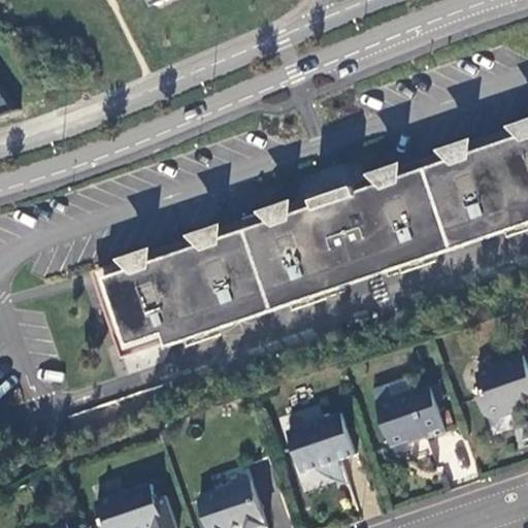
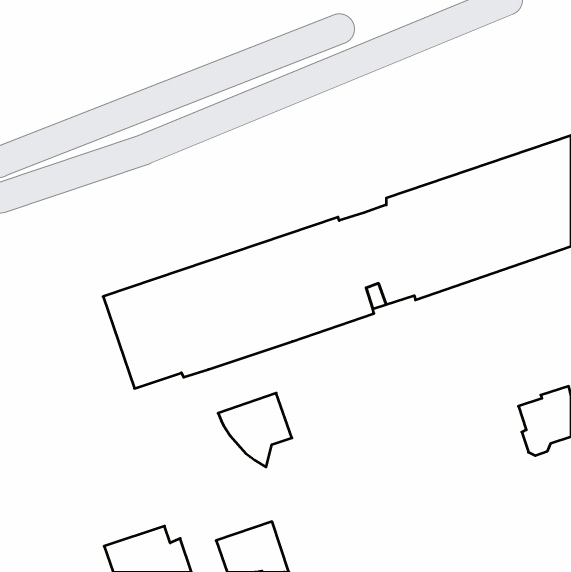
building: [377,388,447,446] -> none
building: [289,414,357,482] -> [218,393,292,467]

